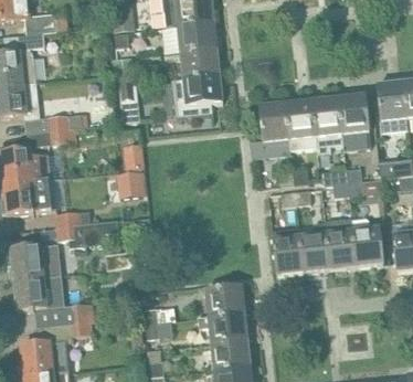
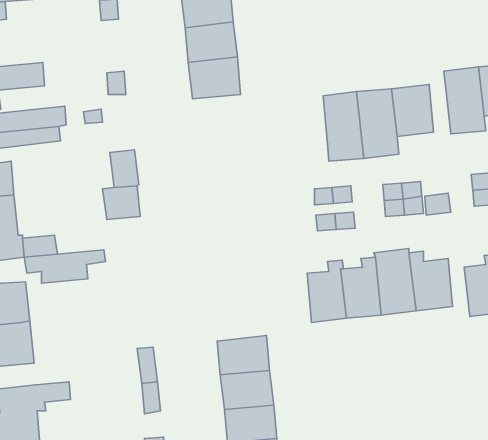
building: [258,103,288,141] -> none

